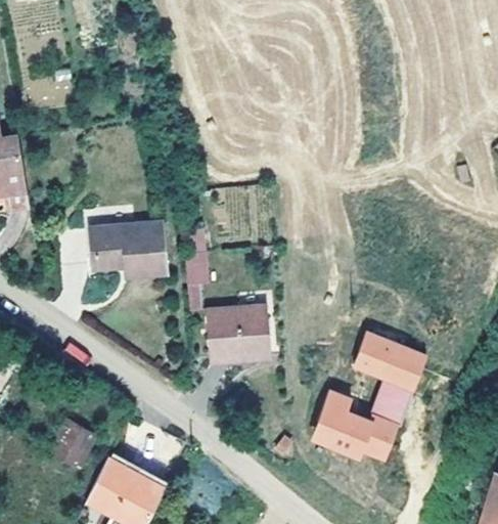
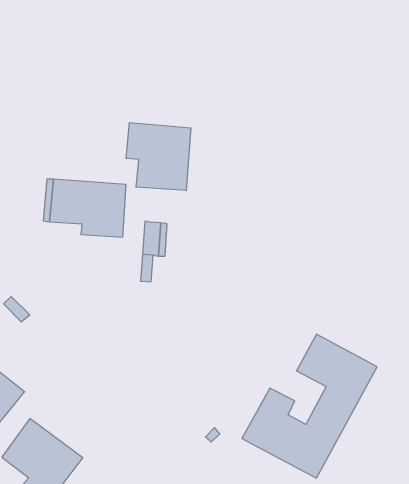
building: none -> [126,123,191,191]
building: [205,304,271,359] -> none

